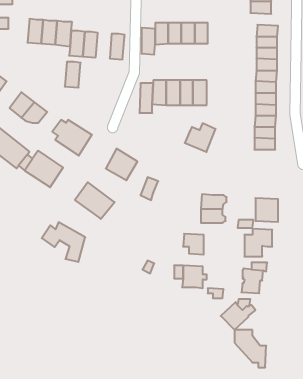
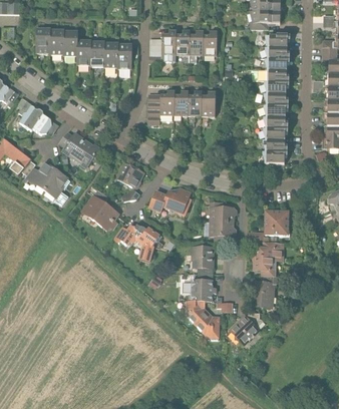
building: [65,62,81,88] -> [103,42,119,68]
building: [185,123,216,152] -> [161,184,193,214]
building: [42,222,85,262] -> [113,220,157,260]
building: [235,330,266,367] -> [187,300,219,338]

